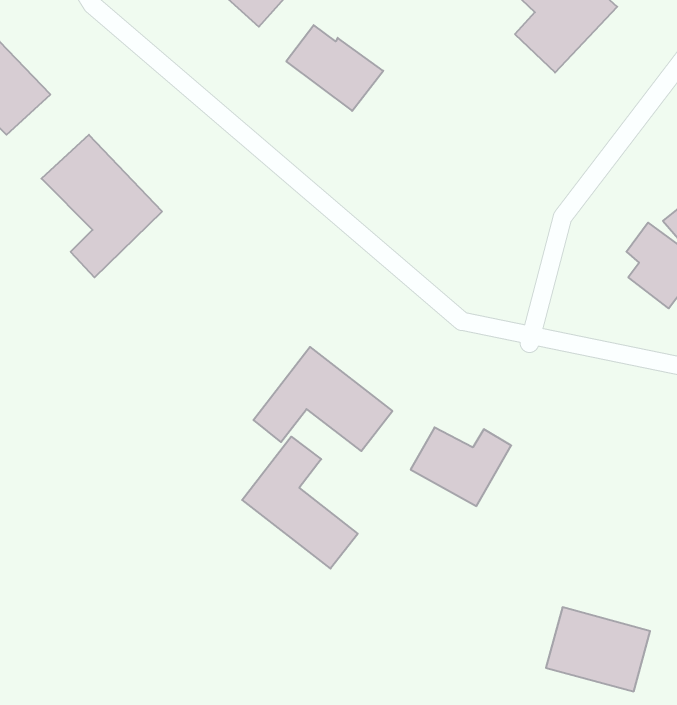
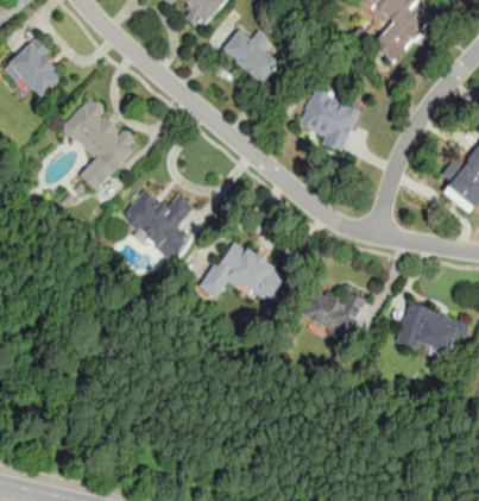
building: none -> [297,87,361,148]
building: none -> [119,189,195,259]
building: [242,437,358,569] -> none
building: [546,607,650,691] -> [396,302,464,357]

